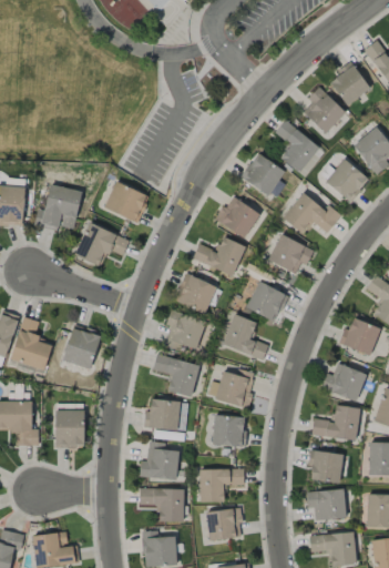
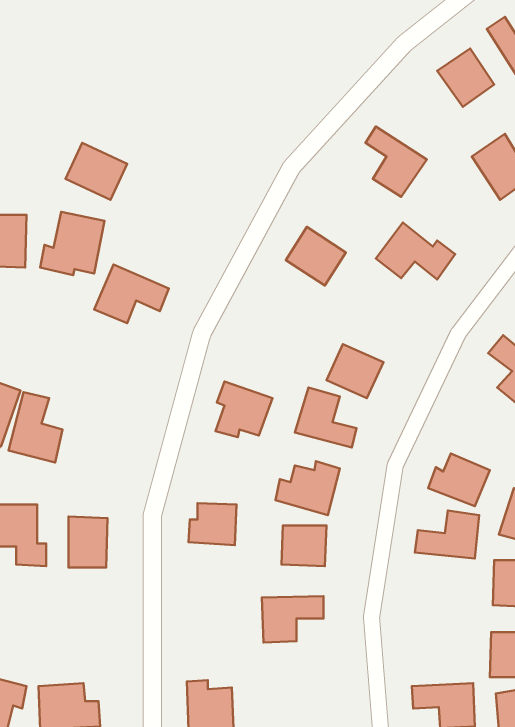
building: [301,87,345,134] -> none
building: [240,154,283,195] -> none
building: [324,159,368,203] -> none
building: [103,181,149,223] -> [66,143,127,200]
building: [267,234,313,274] -> none
building: [192,236,245,276] -> none
building: [174,274,216,314] -> none
building: [340,317,379,355] -> none
building: [61,324,101,369] -> none
building: [152,355,198,397] -> none
building: [139,442,177,479] -> none
building: [307,450,341,483] -> none
building: [139,488,183,521] -> none
building: [306,489,345,520] -> none
building: [204,507,243,541] -> none

